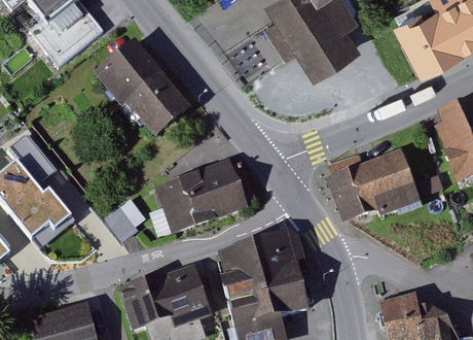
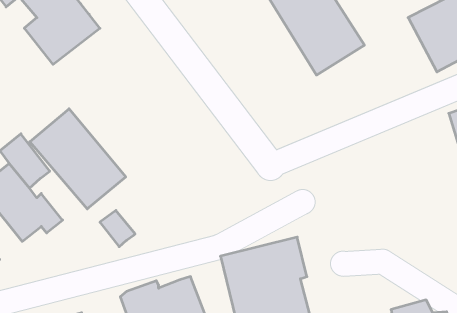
building: [95,40,187,137] -> [30,109,126,209]
building: [330,149,421,225] -> none
building: [165,164,252,236] -> none

